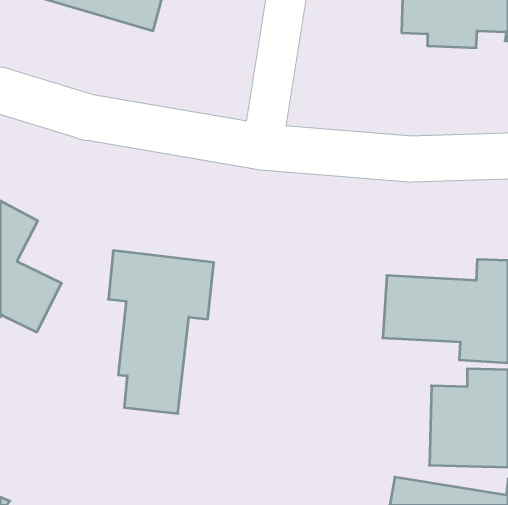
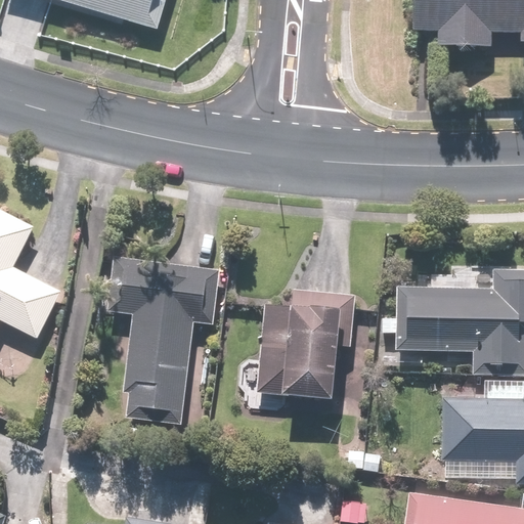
building: none -> [257,290,357,401]

